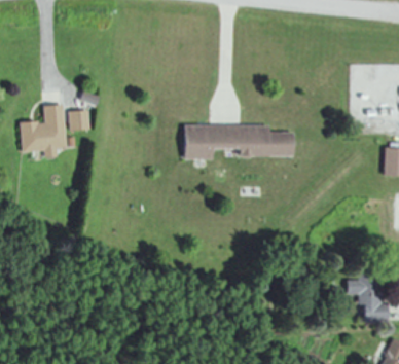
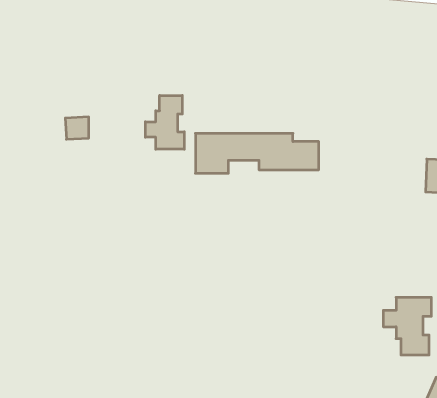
building: none -> [145,95,184,149]
building: [20,105,66,157] -> none

